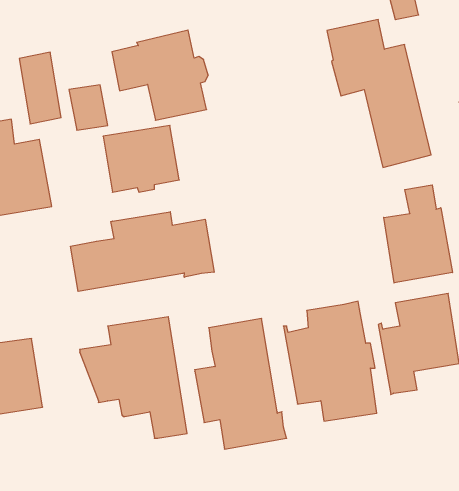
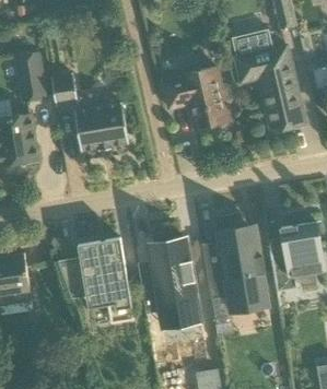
building: [112,30,208,120] -> [163,66,231,129]
building: [384,185,452,283] -> none
building: [71,212,214,291] -> none

